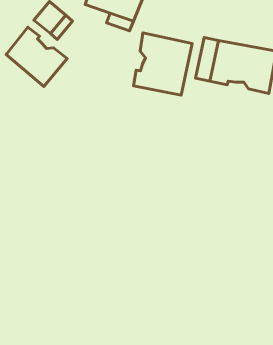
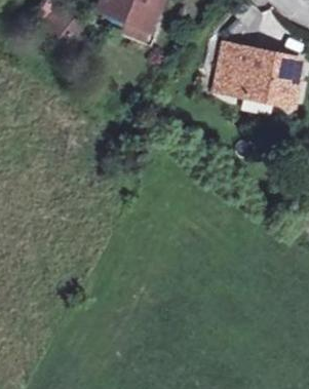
building: [6,27,67,86] -> none
building: [133,33,192,95] -> none

